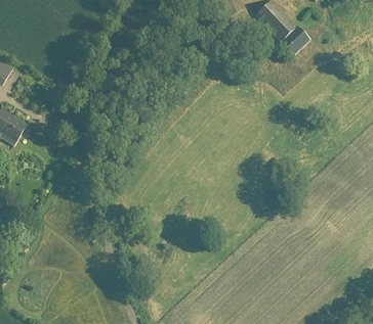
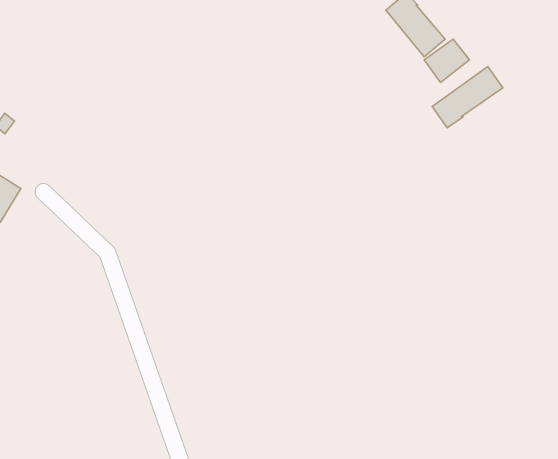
building: none -> [432,66,503,128]

